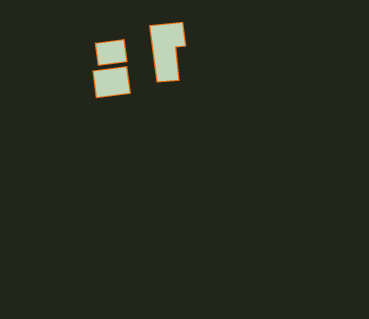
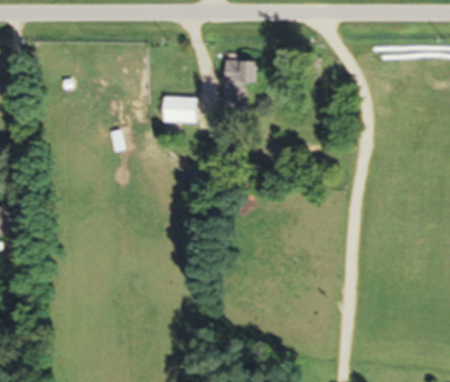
building: [96,39,127,65] -> none

